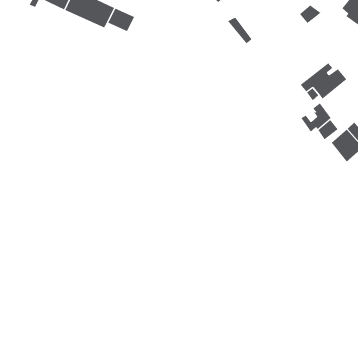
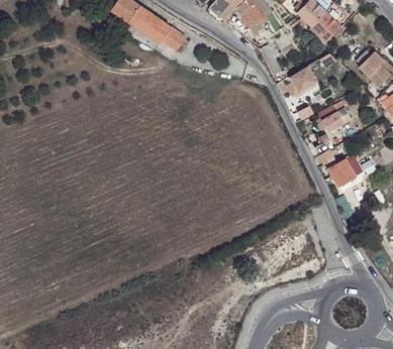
building: none -> [286,65,317,95]

